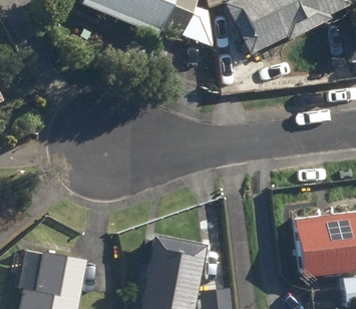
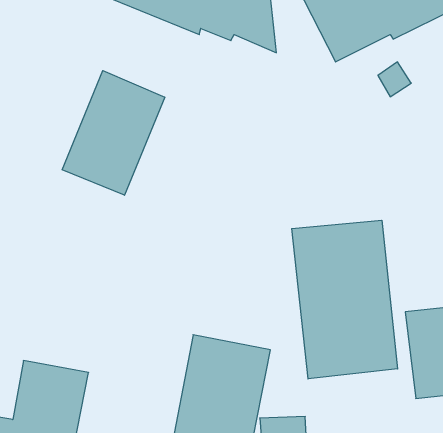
building: none -> [62,71,165,195]
building: none -> [292,220,398,379]

